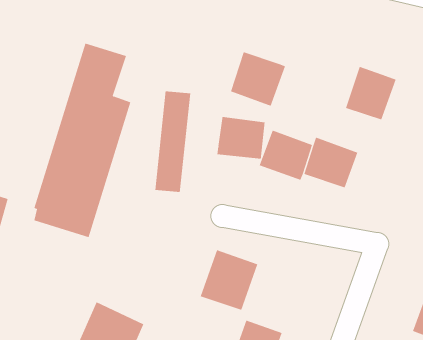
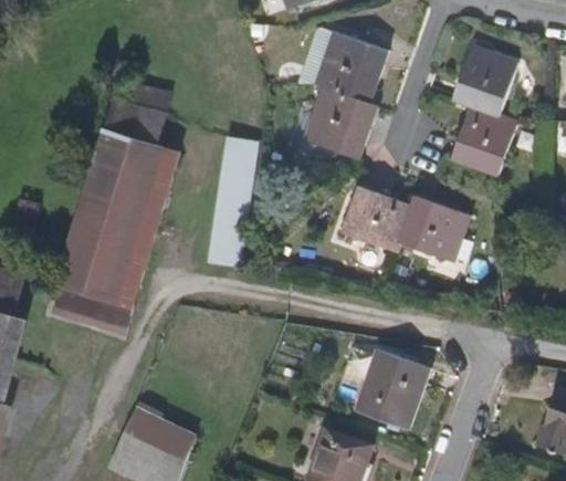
building: none -> [300,27,386,103]
building: none -> [451,45,517,116]
building: [217,116,265,159] -> none
building: [200,249,258,310] -> [355,349,429,427]

